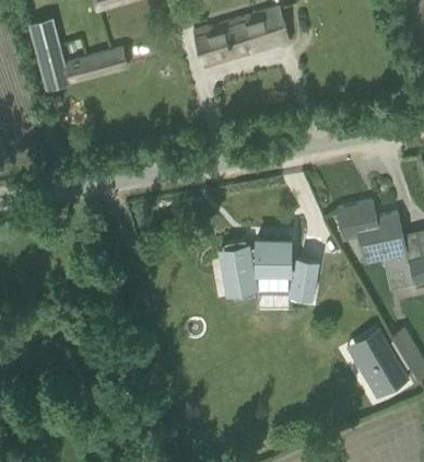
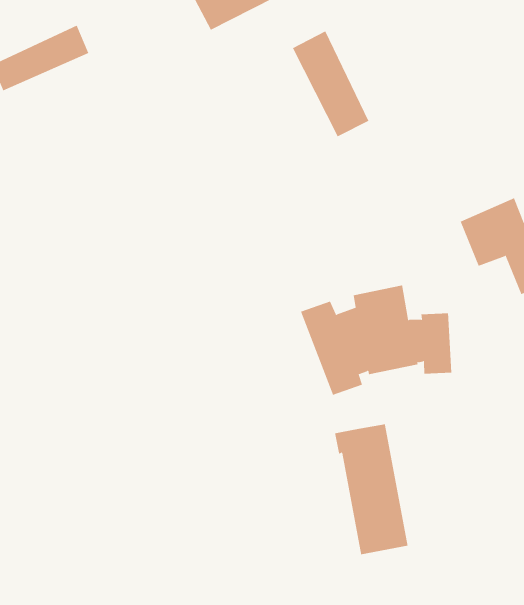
building: none -> [292,30,369,137]
building: none -> [334,424,408,555]

